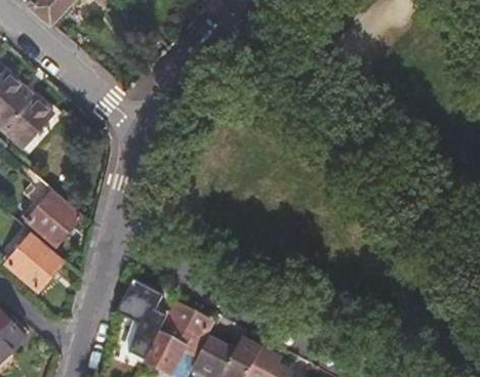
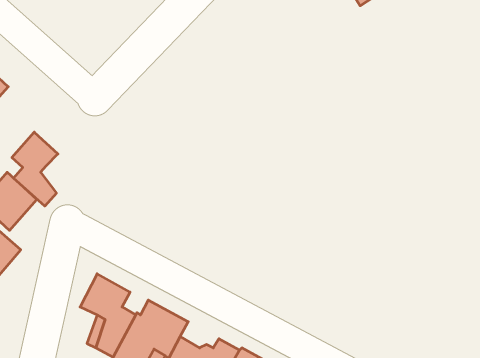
building: none -> [12,132,58,206]

